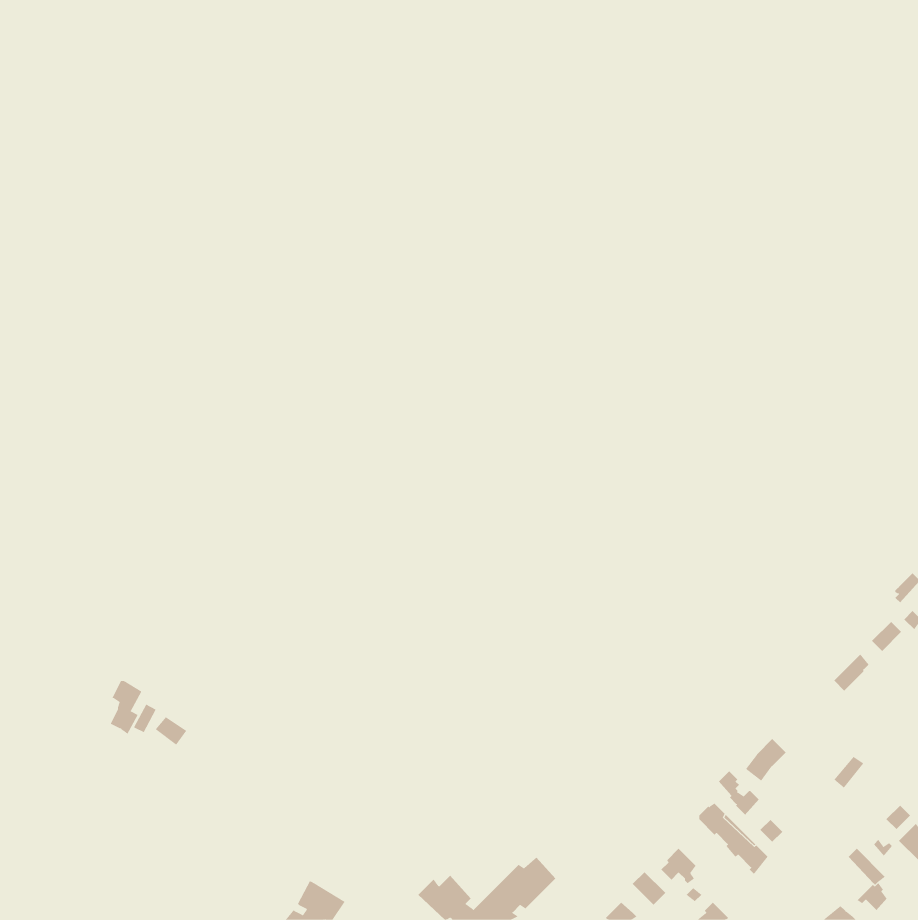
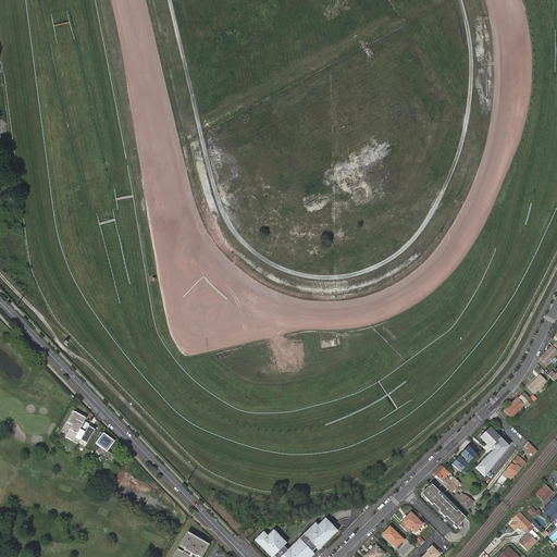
building: none -> [475,426,508,476]

